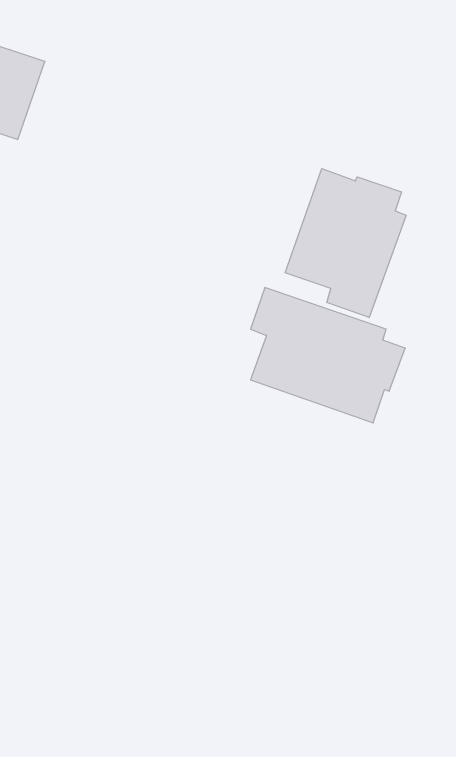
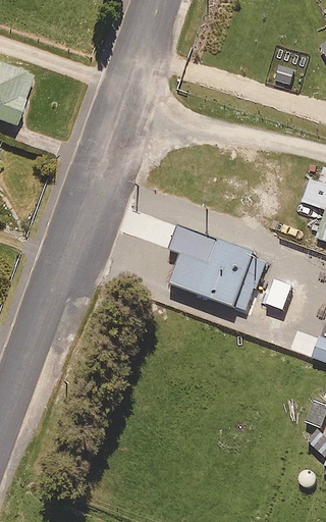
building: [285,169,406,318] -> none

